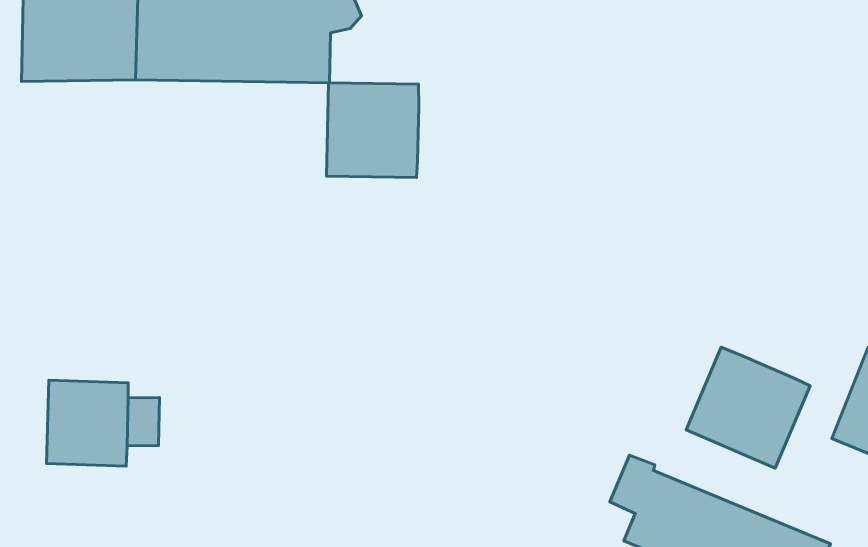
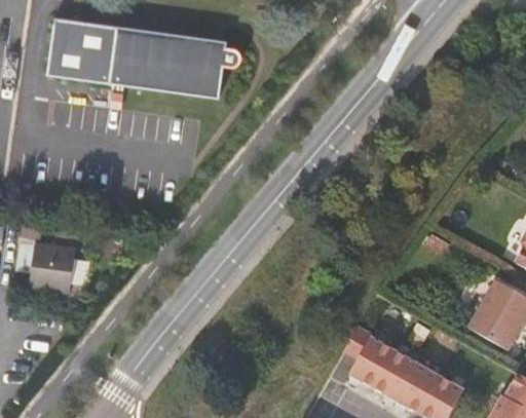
building: [327,83,419,178] -> none
building: [686,347,810,468] -> none

